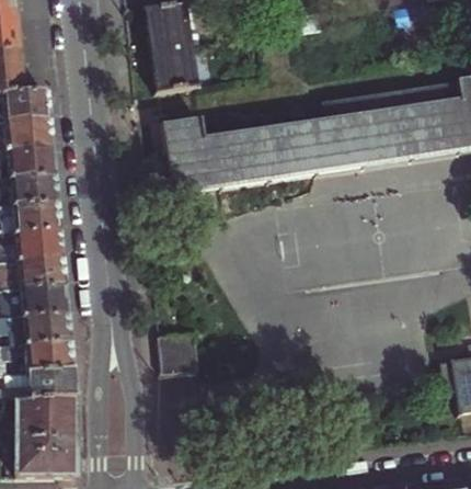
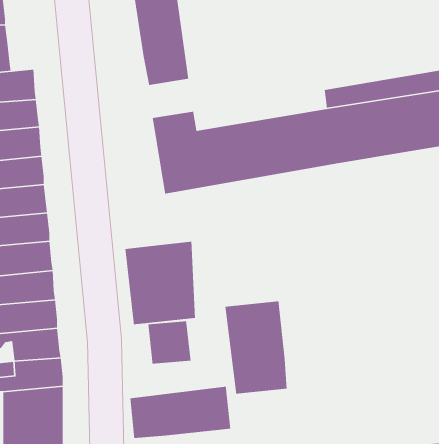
building: none -> [125,241,196,325]
building: none -> [224,300,287,394]
building: none -> [130,386,231,439]

